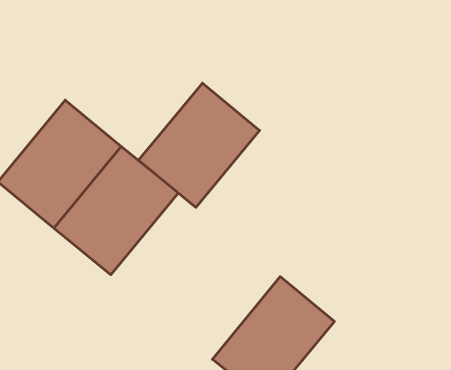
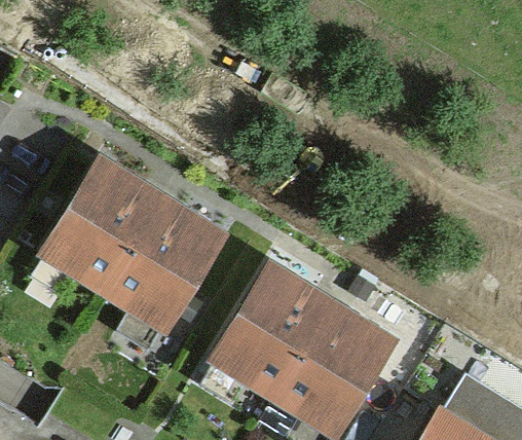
building: [139,83,260,207] -> none
building: none -> [219,264,330,388]

